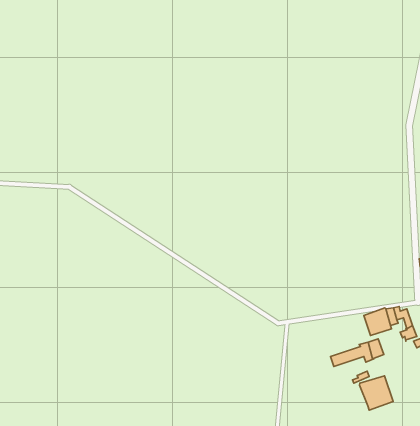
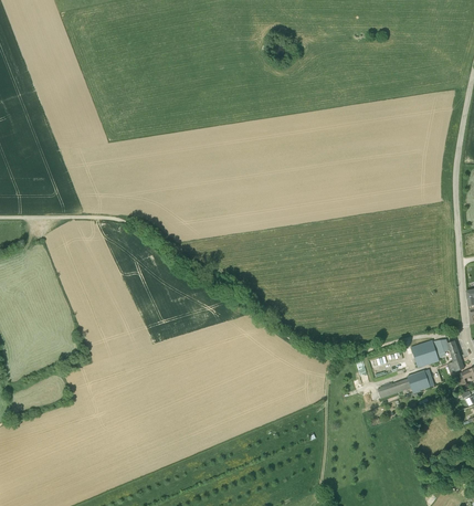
building: [360,376,393,410] -> none

